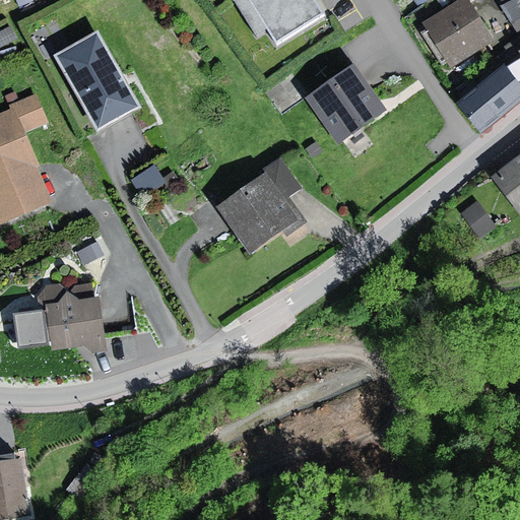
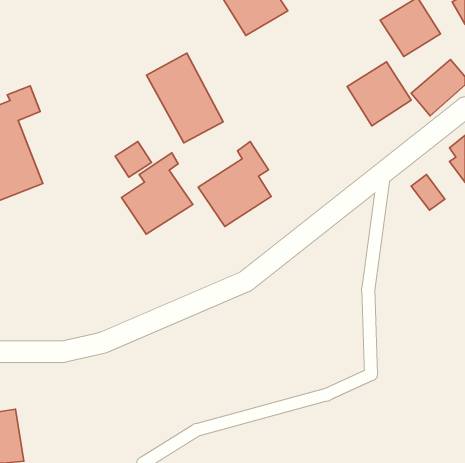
building: [52,34,137,133] -> [147,53,223,143]
building: [309,68,380,139] -> [347,62,411,126]
building: none -> [121,153,193,234]
building: [16,286,99,350] -> none

